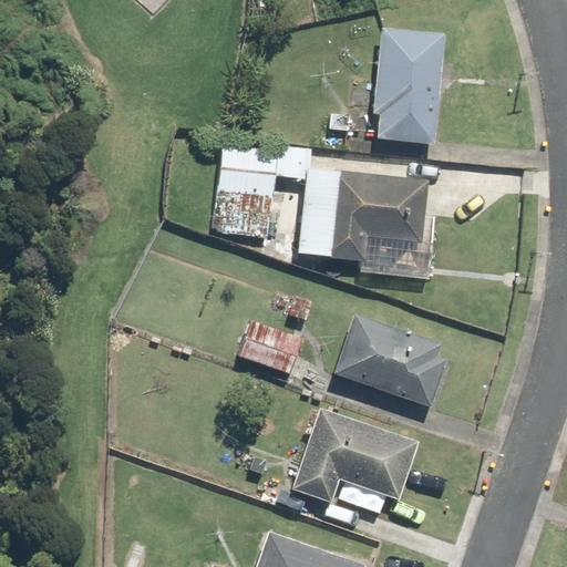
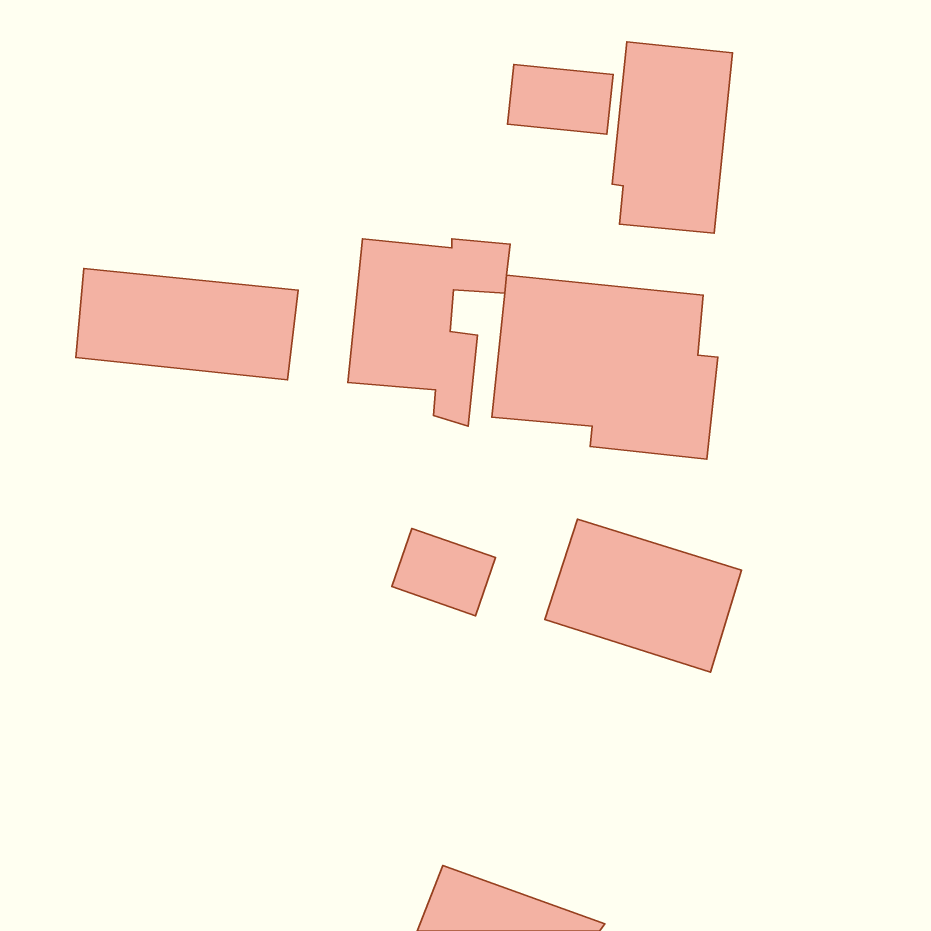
building: none -> [508,65,613,134]
building: none -> [76,269,298,380]
building: [291,405,421,503] -> none

